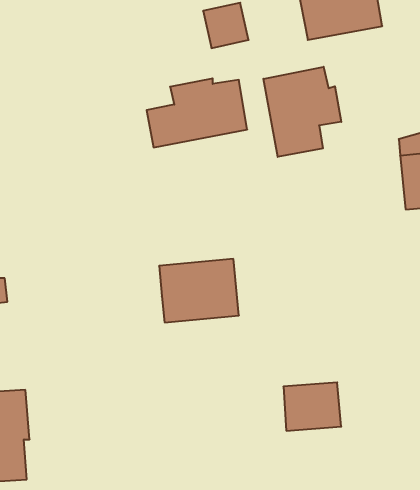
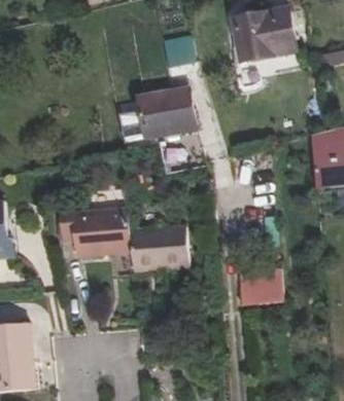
building: [263,67,341,157] -> none
building: none -> [59,207,132,256]
building: [283,382,341,431] -> [240,267,283,303]

